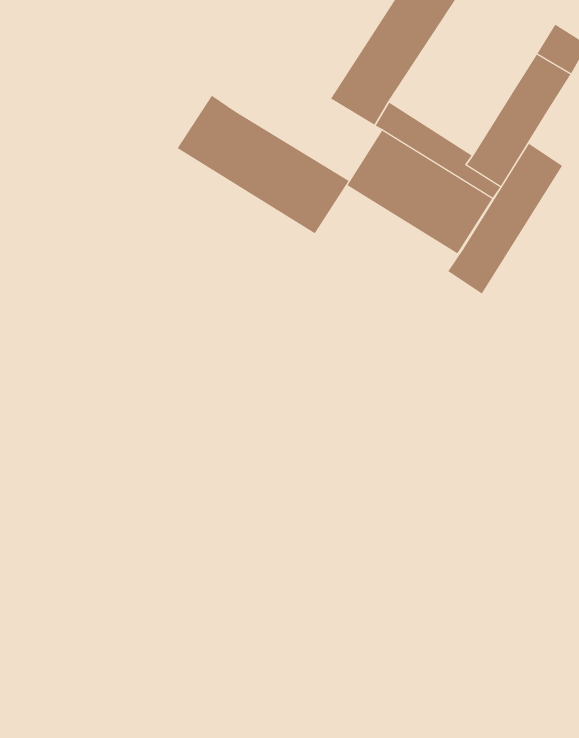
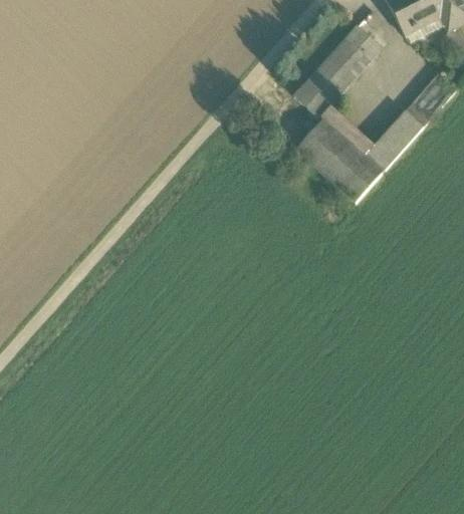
building: [177,95,350,234] -> none
building: [448,143,563,294] -> none

